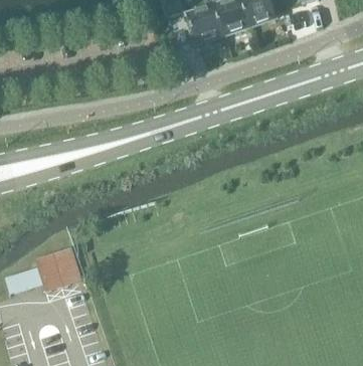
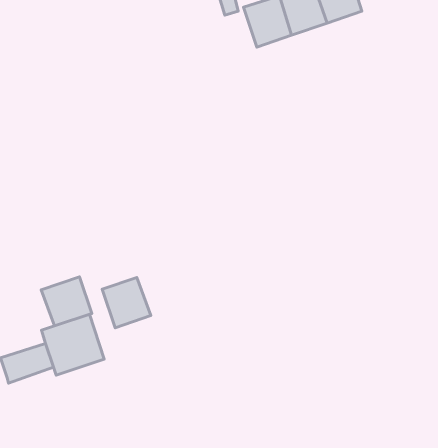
building: none -> [41,277,92,326]
building: none -> [102,278,151,328]

